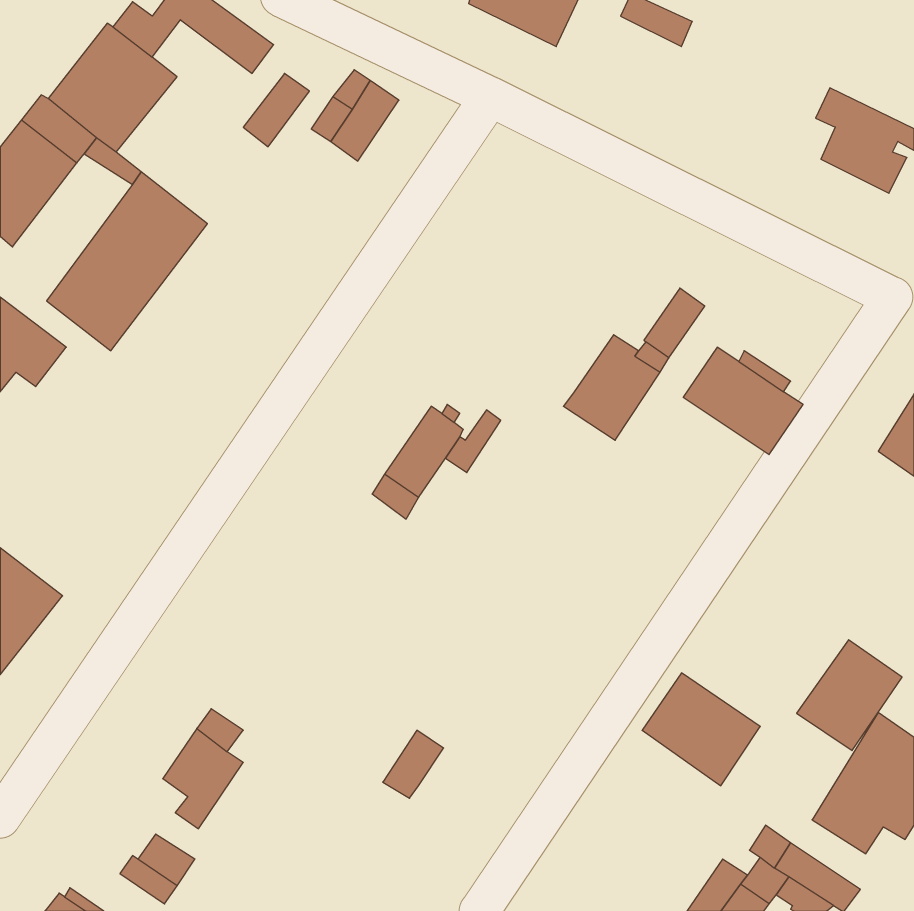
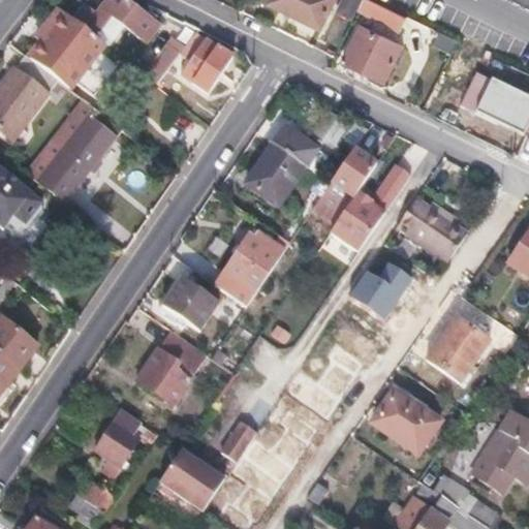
building: none -> [343,25,401,81]
building: none -> [245,128,315,207]
building: none -> [311,152,373,226]
building: none -> [347,260,411,318]
building: none -> [162,278,217,330]
building: none -> [137,330,207,406]
building: [797,640,902,751] -> [426,317,487,381]
building: none -> [157,447,224,511]

